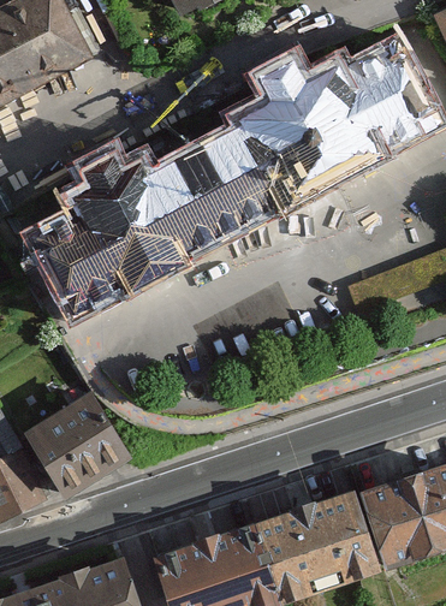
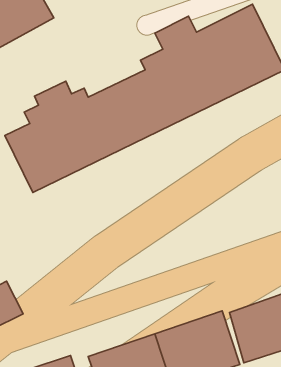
building: [20,393,127,497] -> none

